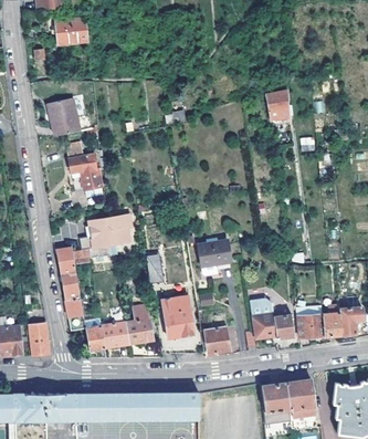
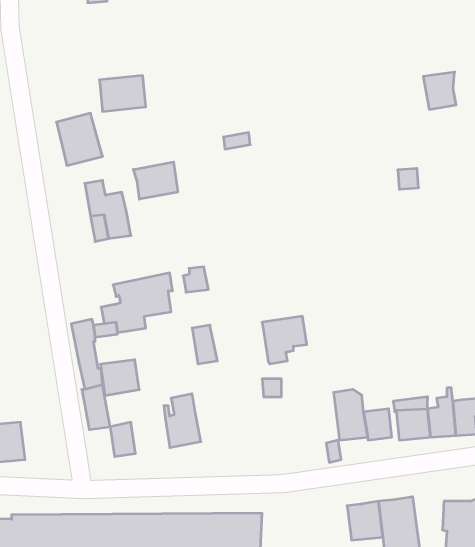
building: [52,18,86,44] -> [99,76,146,111]
building: [264,92,288,119] -> [423,72,456,109]
building: none -> [133,162,178,199]
building: [162,296,192,337] -> none
building: [28,322,48,355] -> none
building: [101,322,129,348] -> [100,360,139,396]
building: [204,327,230,354] -> none

